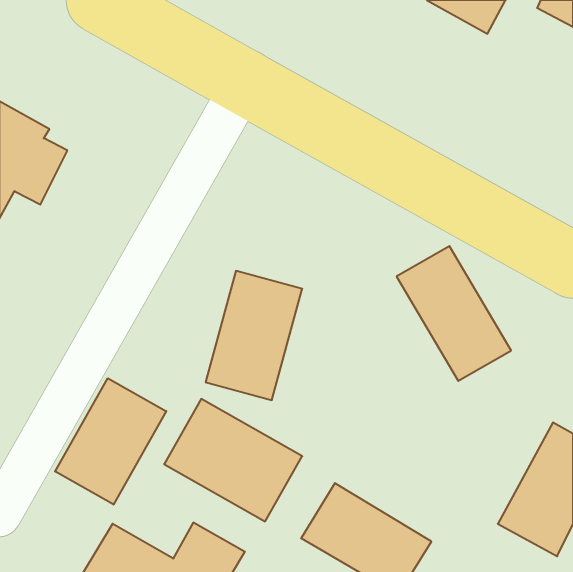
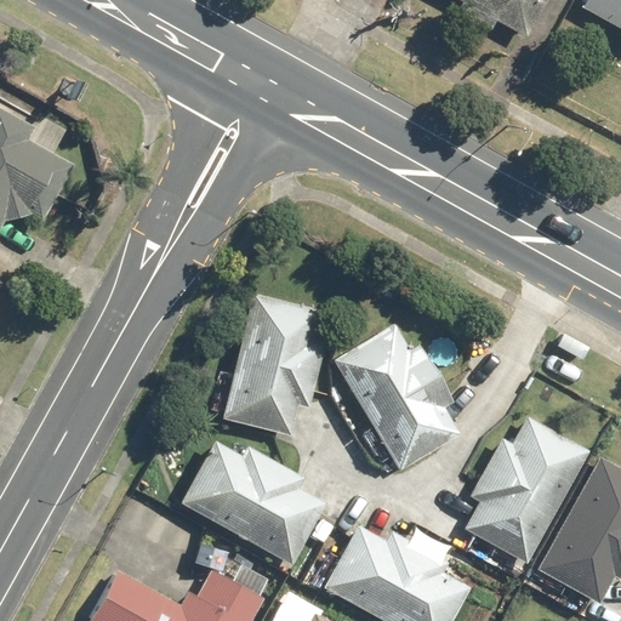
building: [397,246,511,381] -> [337,326,461,472]
building: [55,378,166,505] -> none
building: none -> [461,415,583,557]

